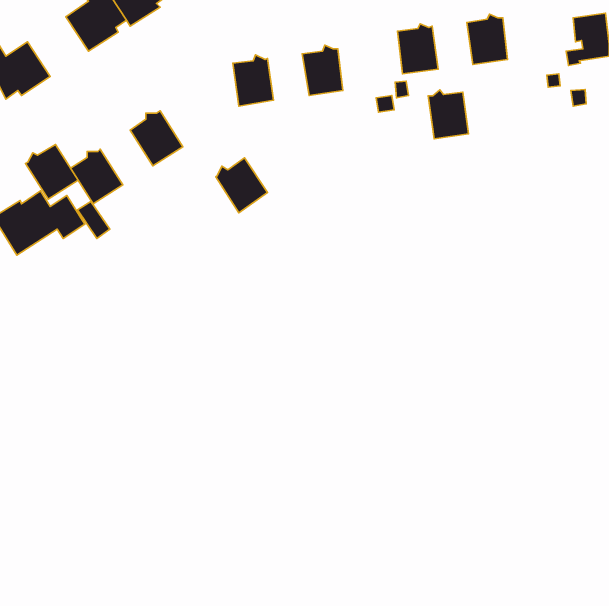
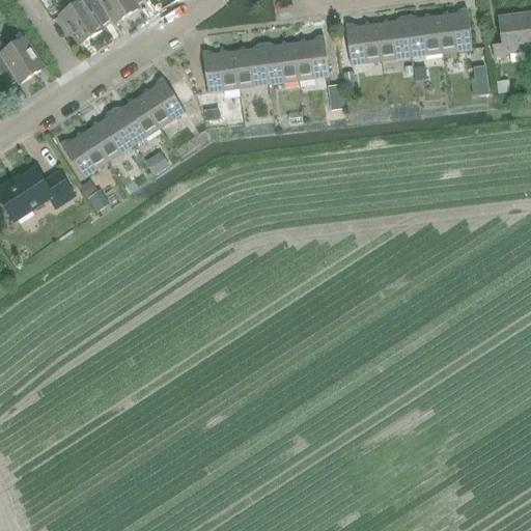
building: none -> [437,9,472,52]
building: none -> [294,37,329,79]
building: none -> [232,46,269,87]
building: [428,90,469,139] -> [375,18,411,60]
building: [26,144,78,199] -> [87,113,133,161]
building: [216,158,267,213] -> [139,80,184,128]

